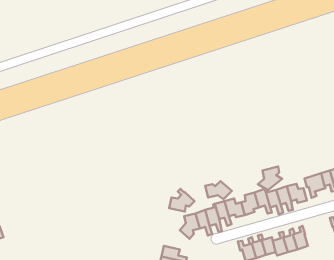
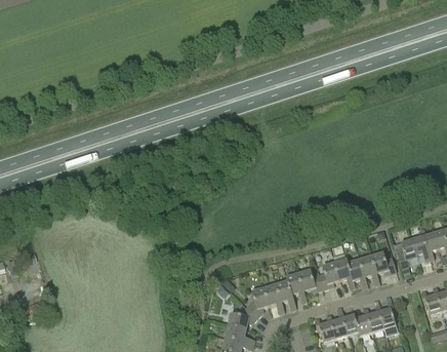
building: [258,166,282,190] -> none
building: [205,181,232,199] -> none
building: [169,189,194,212] -> [229,302,258,328]

